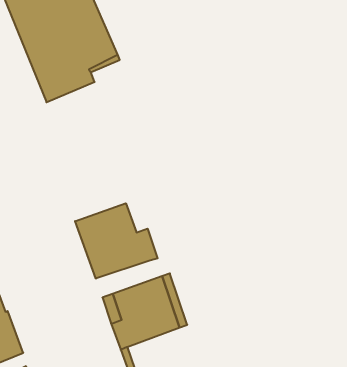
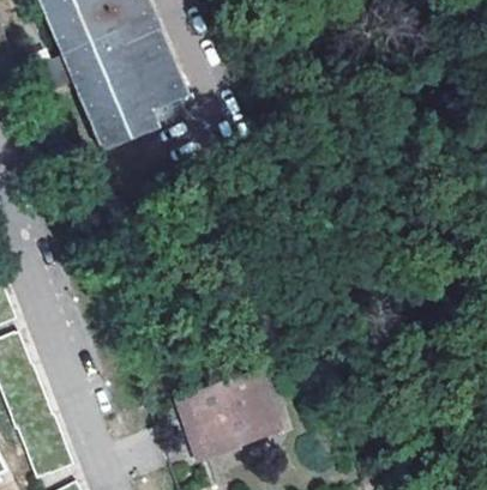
building: [75,203,158,279] -> none

